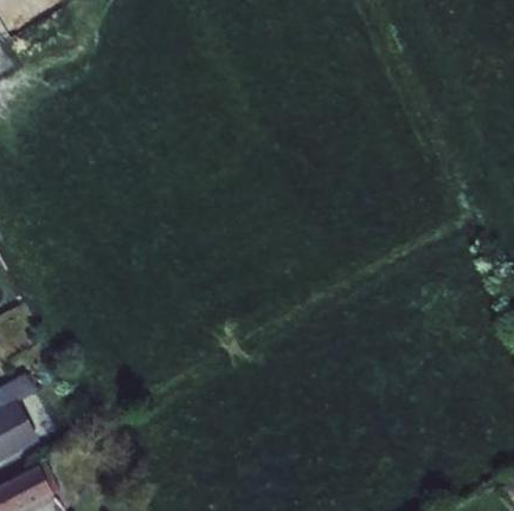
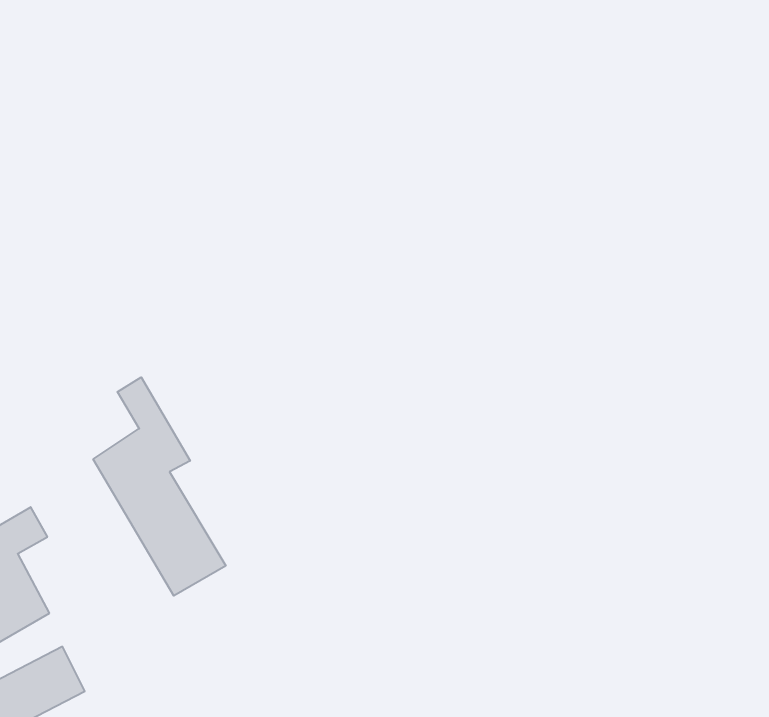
building: none -> [93,377,226,596]

